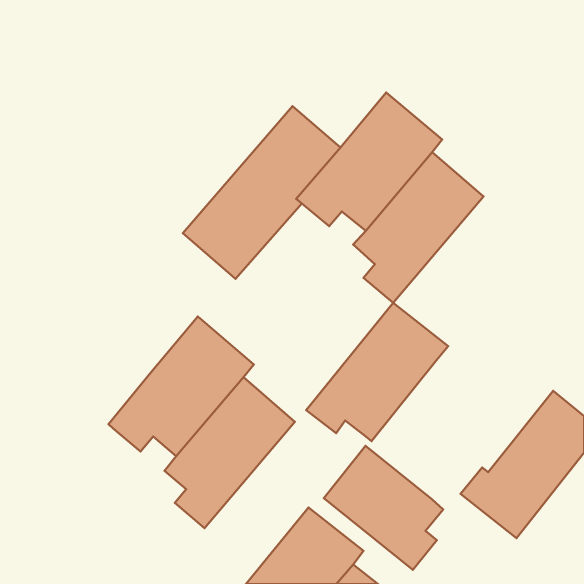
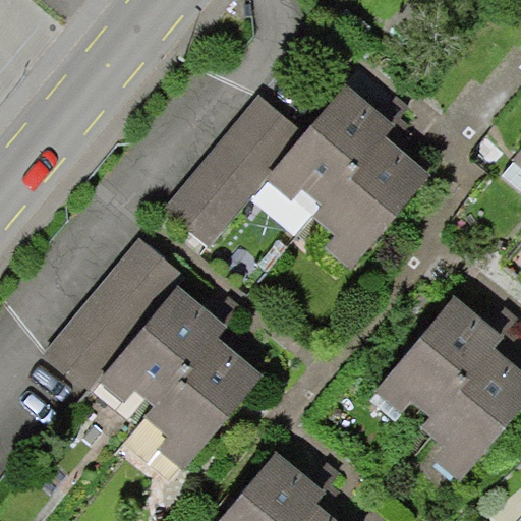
building: none -> [39,238,183,396]
building: [306,303,448,441] -> [377,297,503,420]
building: [324,446,443,570] -> none

